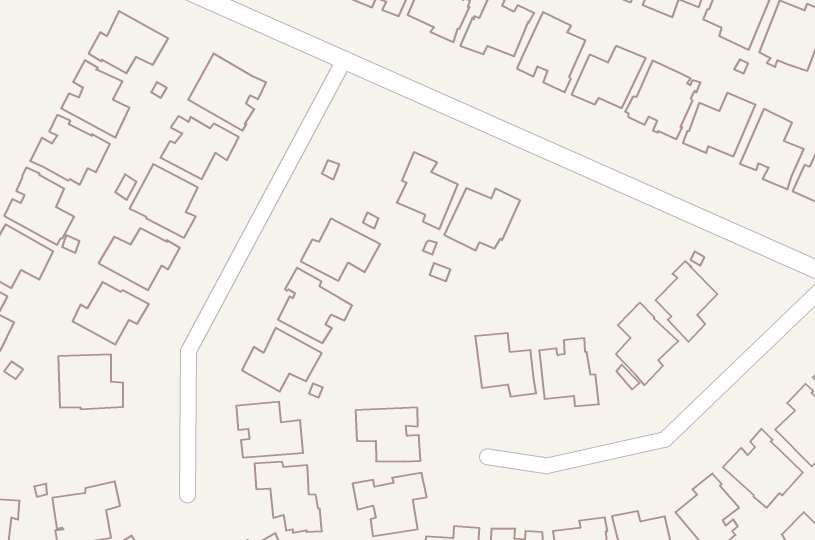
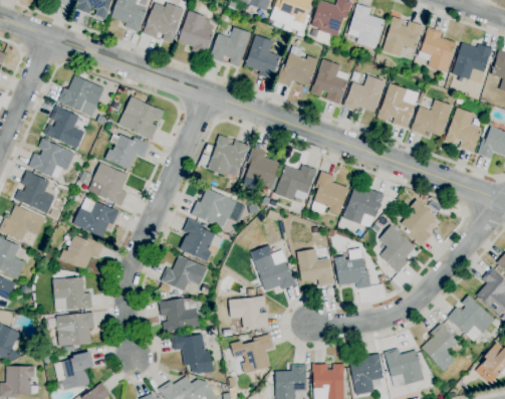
building: none -> [208,136,249,176]
building: none -> [311,172,348,216]
building: none -> [342,188,385,225]
building: none -> [251,246,296,291]
building: none -> [48,313,94,347]

